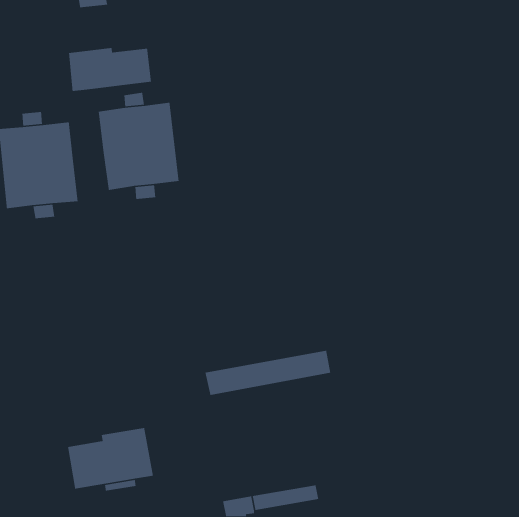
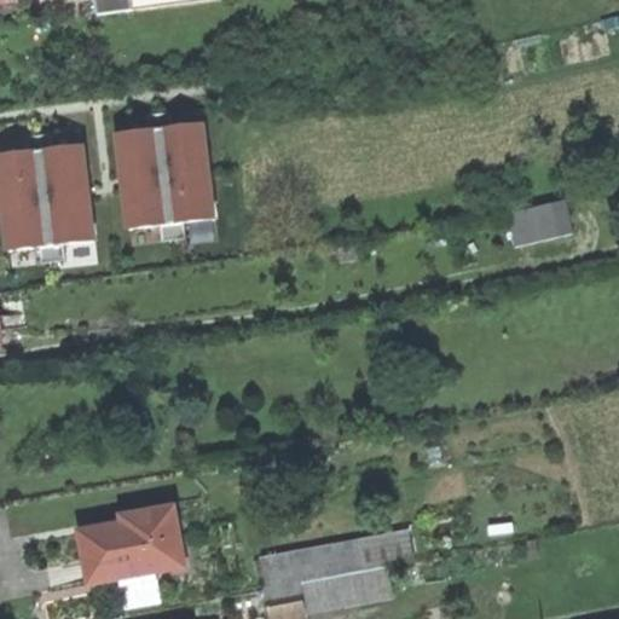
building: [68,47,152,92] -> none
building: none -> [504,197,569,243]
building: [205,350,331,396] -> [259,531,409,585]

